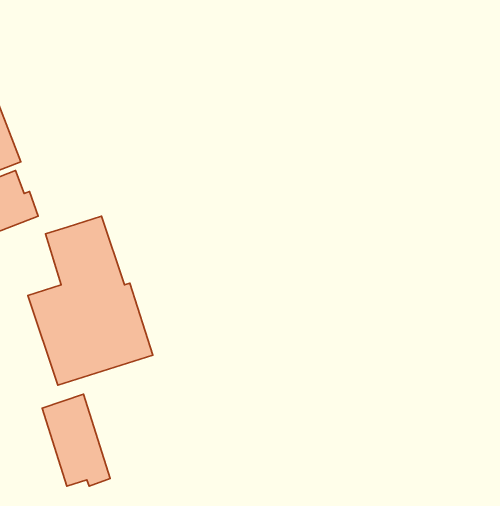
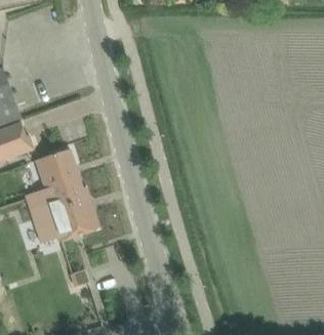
building: [42,394,110,486] -> none

